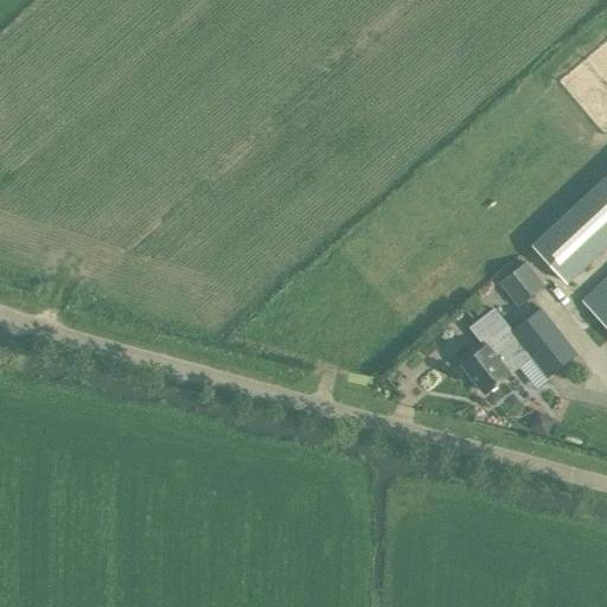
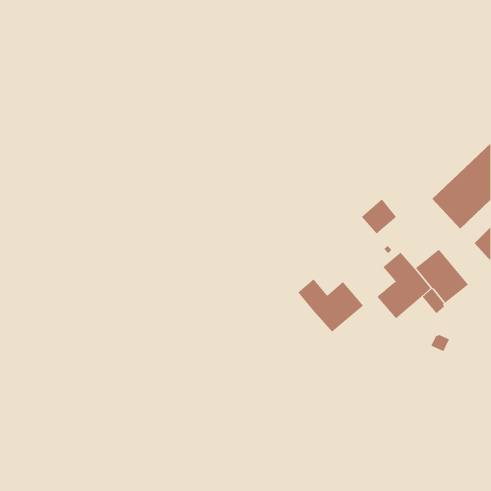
building: [499,262,543,306] -> [361,199,397,234]
building: none -> [298,279,364,332]

